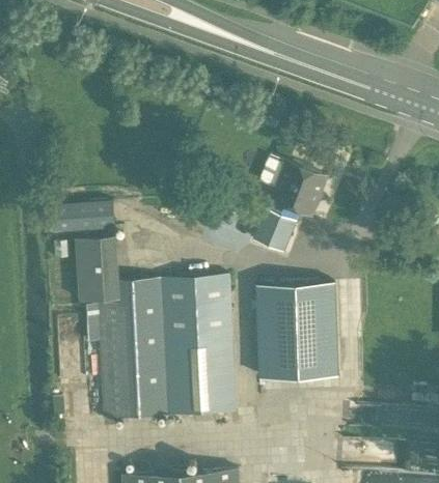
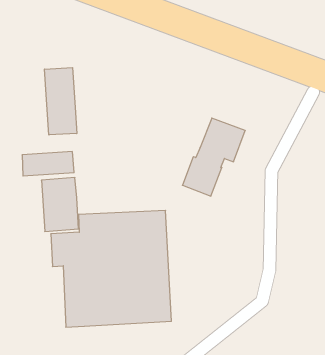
building: none -> [45,68,77,135]
building: [256,282,339,377] -> none

